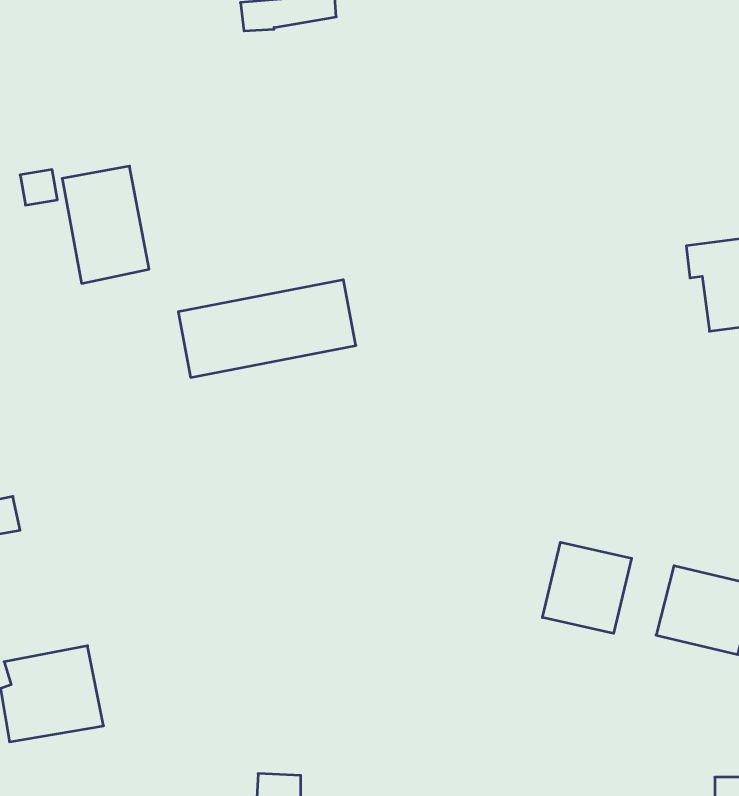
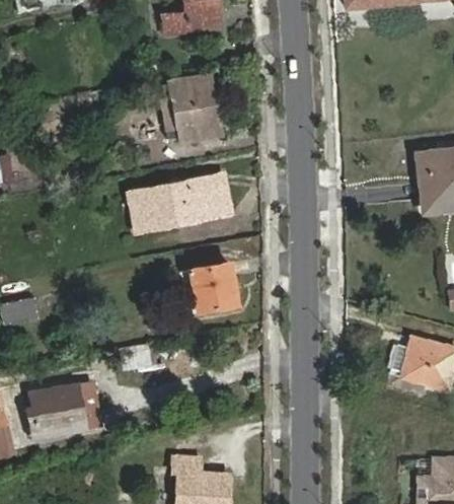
building: [62,166,149,283] -> [170,74,220,141]
building: none -> [191,263,237,310]
building: [542,542,632,633] -> none

